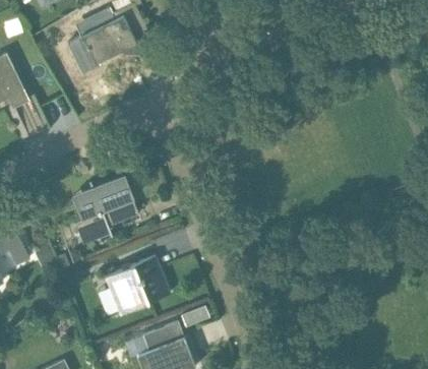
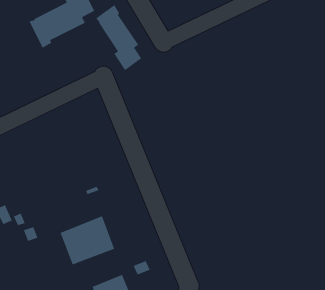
building: none -> [95,4,142,71]
building: [76,179,137,238] -> none

